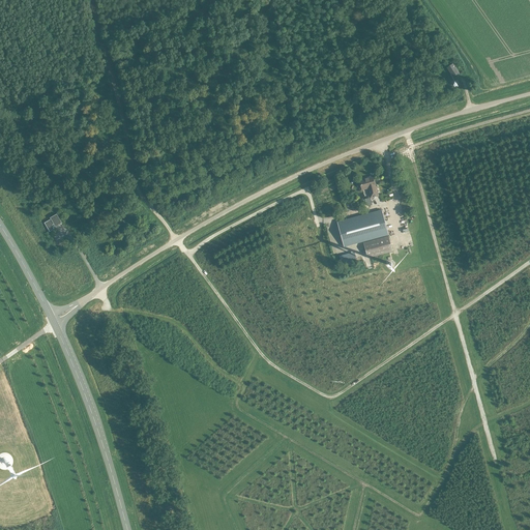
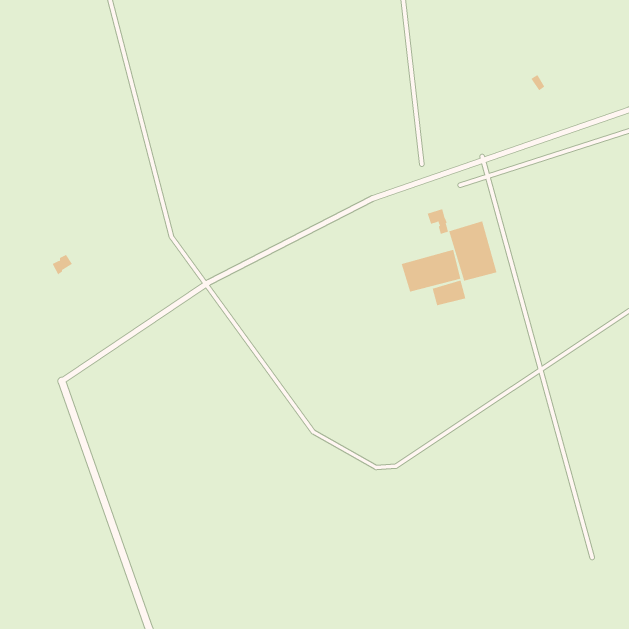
building: none -> [449,221,497,281]

